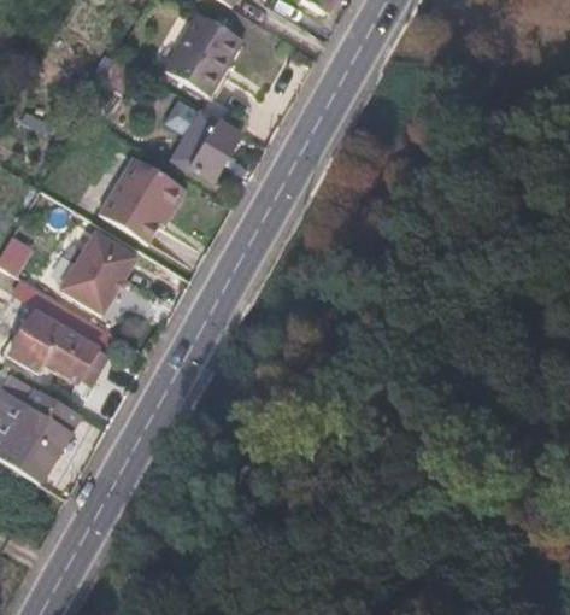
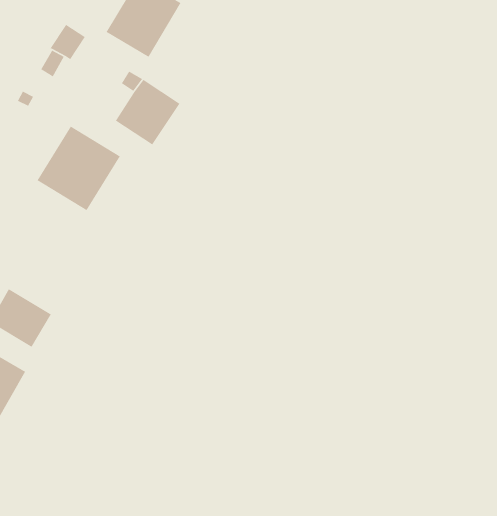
building: [60,228,140,314] -> none

